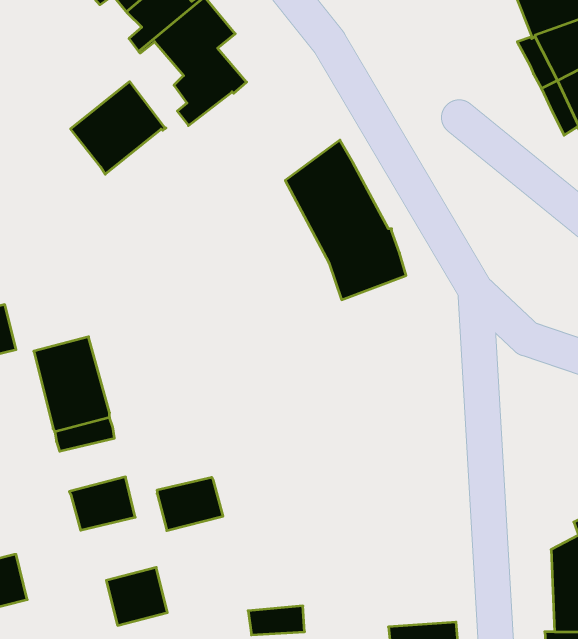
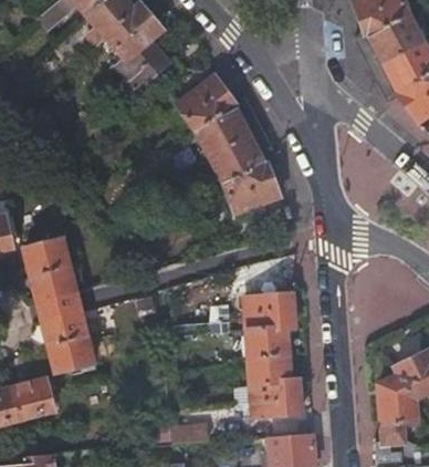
building: [71,82,166,174] -> none
building: none -> [178,75,236,131]
building: none -> [245,293,303,416]
building: [157,477,223,531] -> [42,308,87,344]
building: [106,567,167,625] -> [12,378,54,418]

